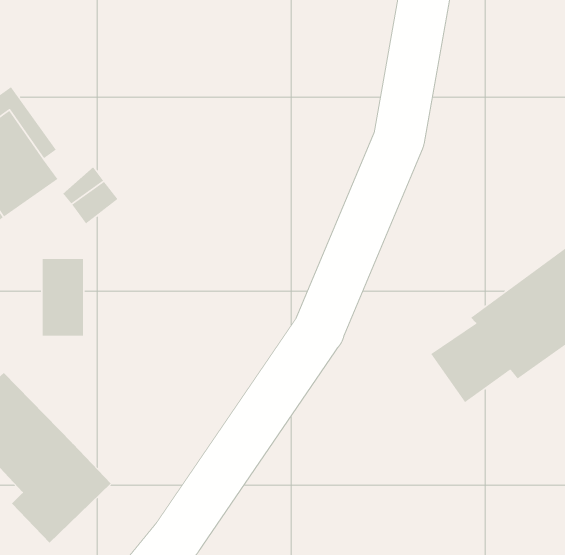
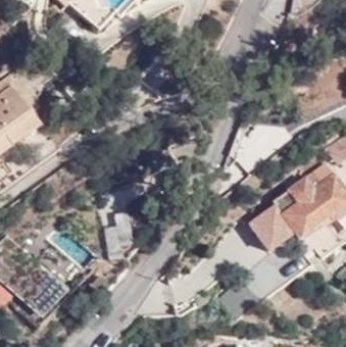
building: [42,258,84,337] -> [106,212,130,256]

